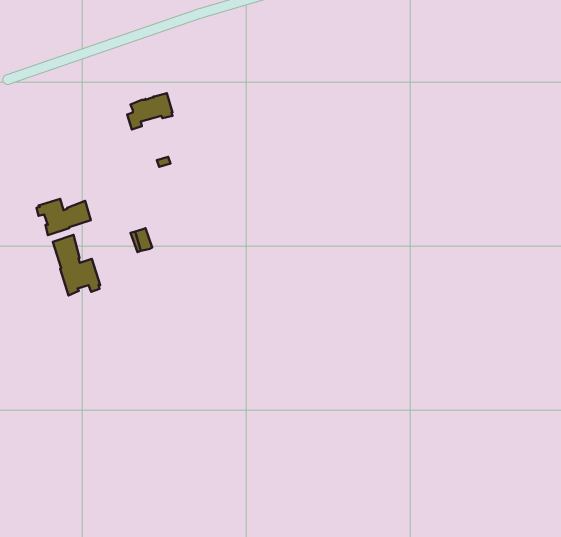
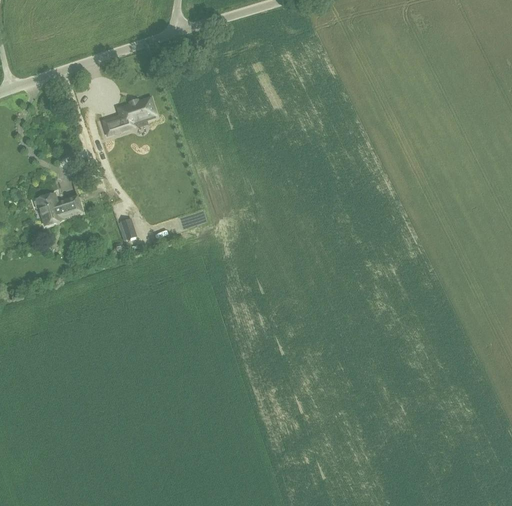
building: [53,235,100,295] -> none

